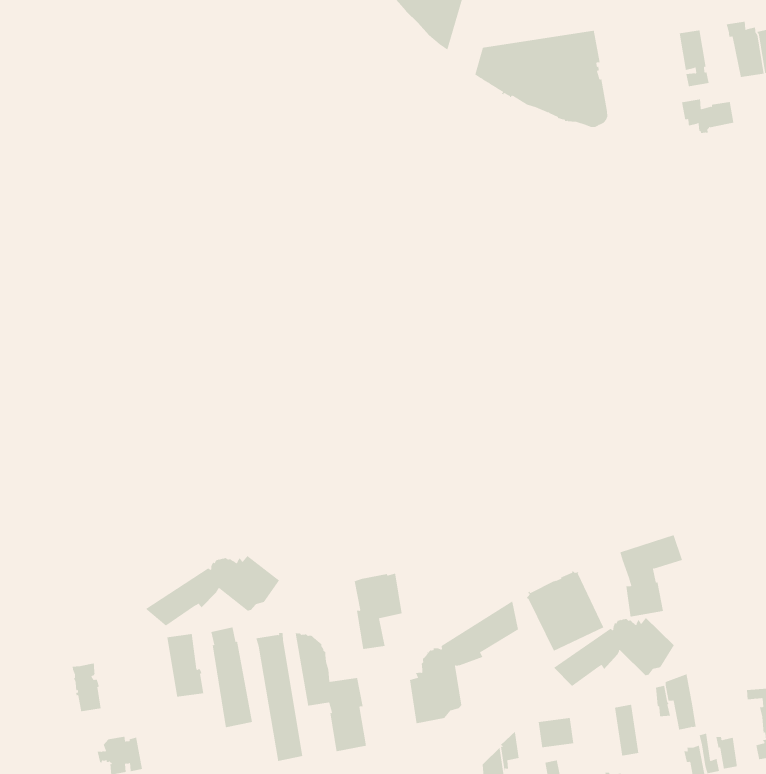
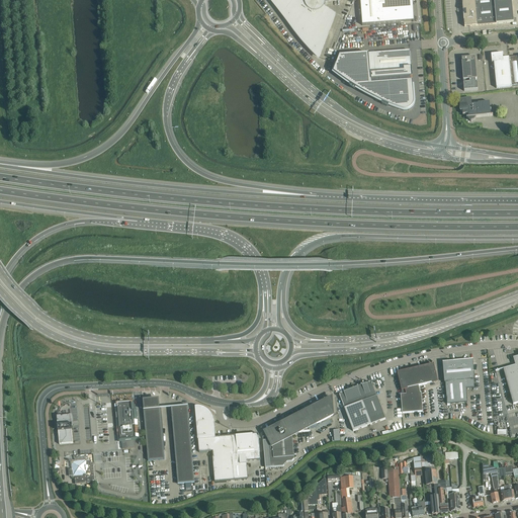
building: none -> [442,357,474,402]
building: [145,555,280,626] -> none
building: [354,573,403,650] -> [232,431,260,477]
building: [553,617,675,687] -> none

